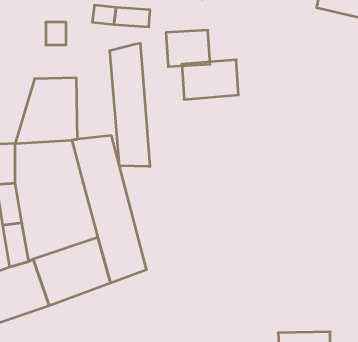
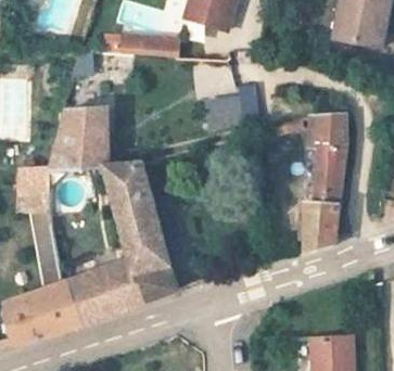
building: [110,43,150,167] -> none
building: none -> [302,113,346,251]

